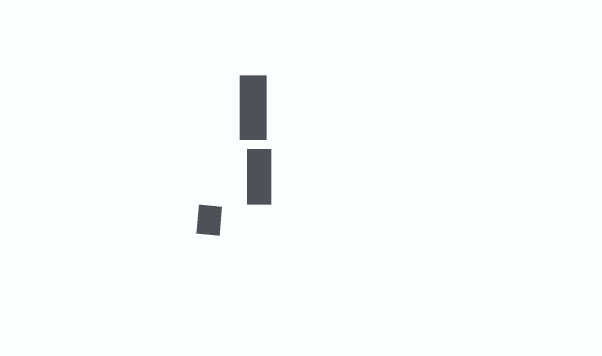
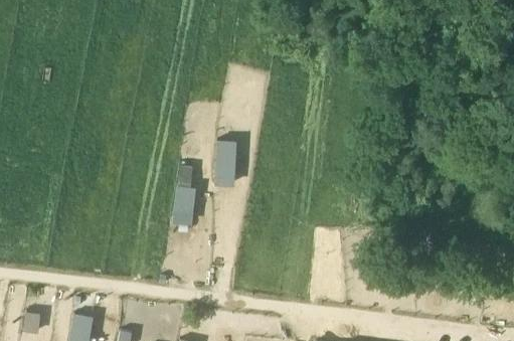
building: [239,74,267,141] -> none

